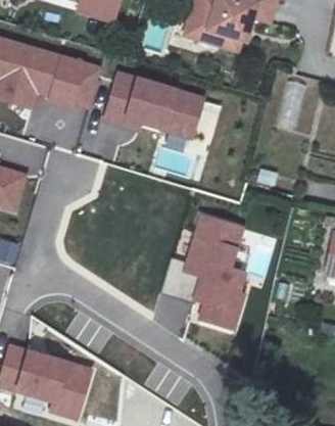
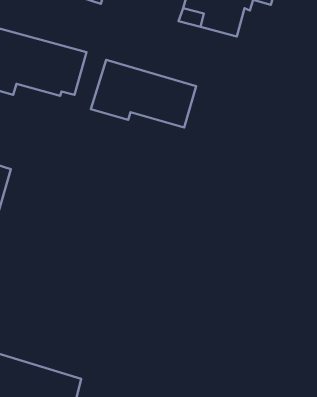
building: [184,215,249,332] -> none

